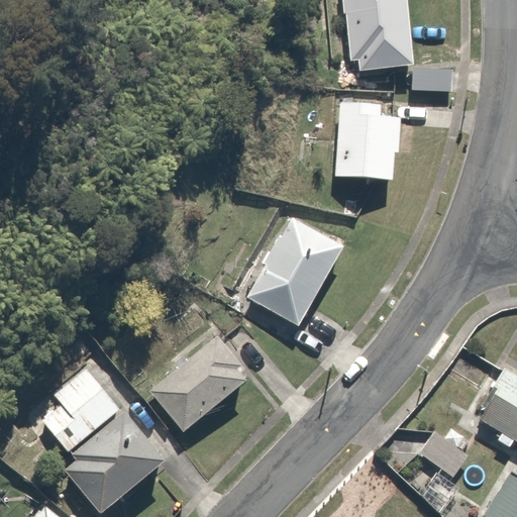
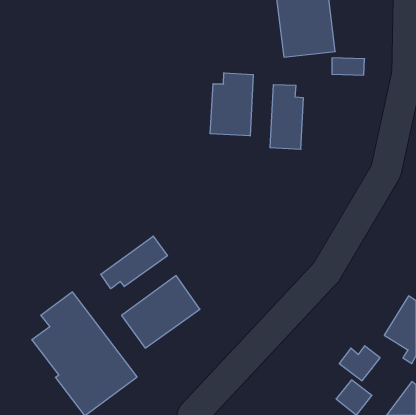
building: none -> [210,73,253,136]
building: [246,217,344,326] -> none
building: none -> [101,236,167,289]

